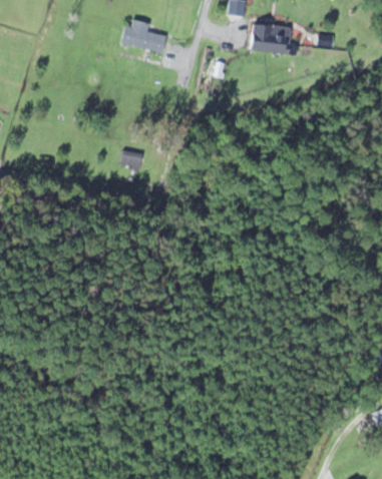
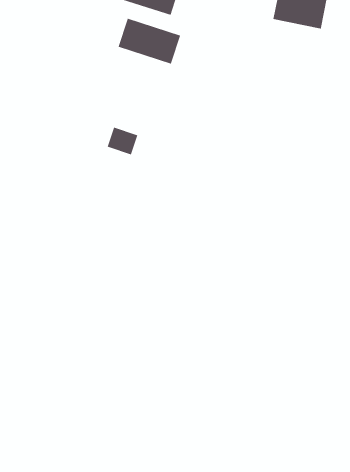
building: none -> [118,18,181,64]

